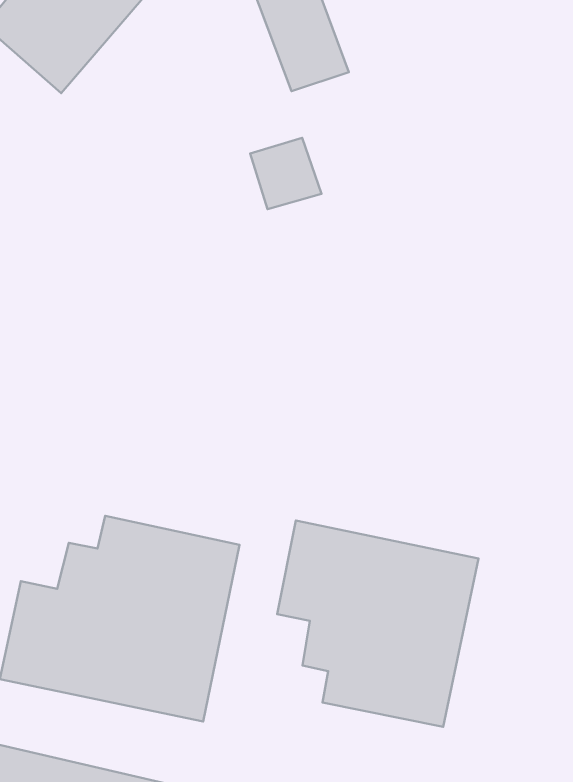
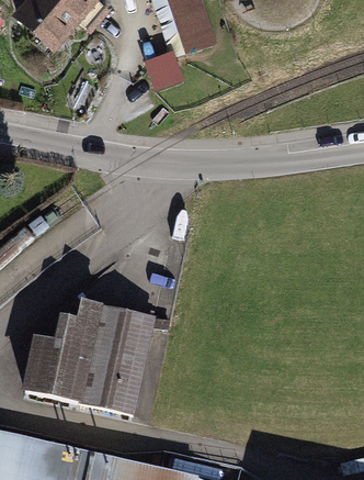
building: [250,138,321,209] -> [145,49,185,90]
building: [277,521,478,727] -> none

